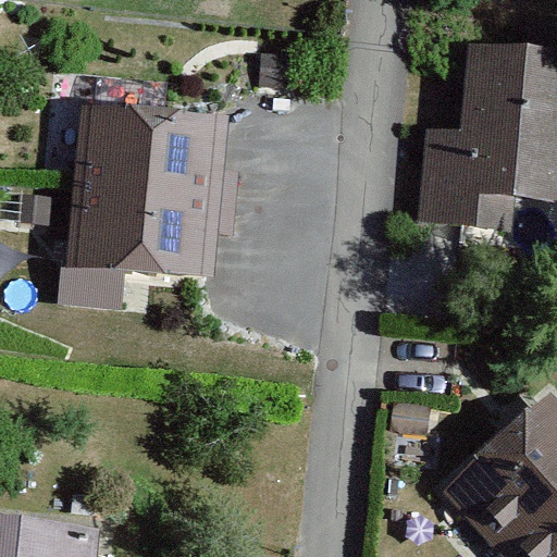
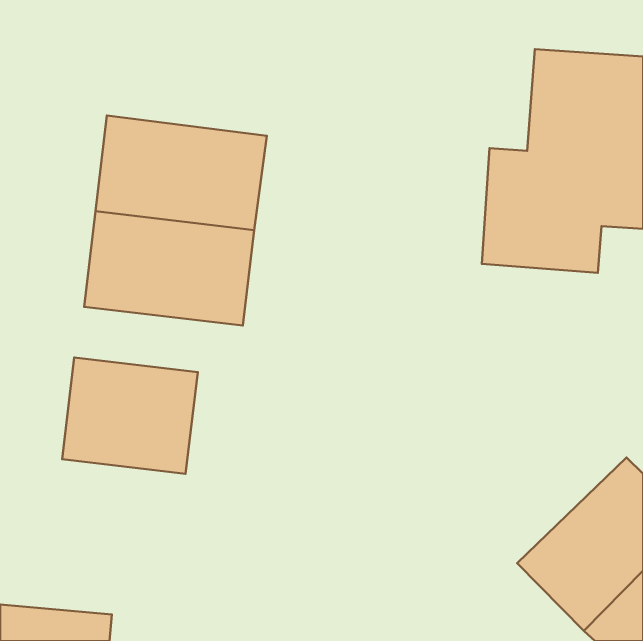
building: none -> [62,358,198,474]

